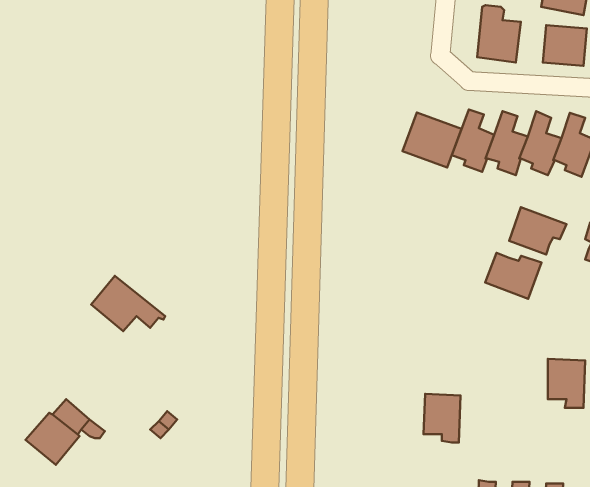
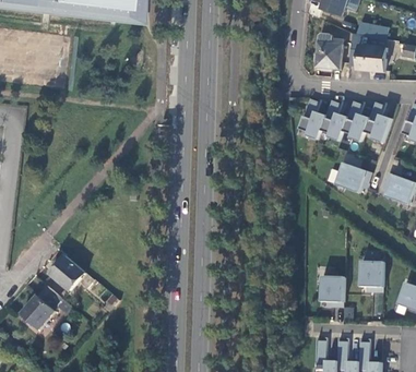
building: [402,113,462,167] -> none
building: [485,253,541,299] -> none
building: [91,276,165,331] -> [49,255,97,291]
building: [423,394,460,443] -> [320,275,344,307]

